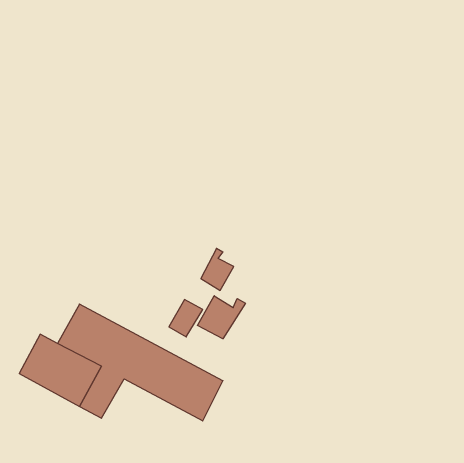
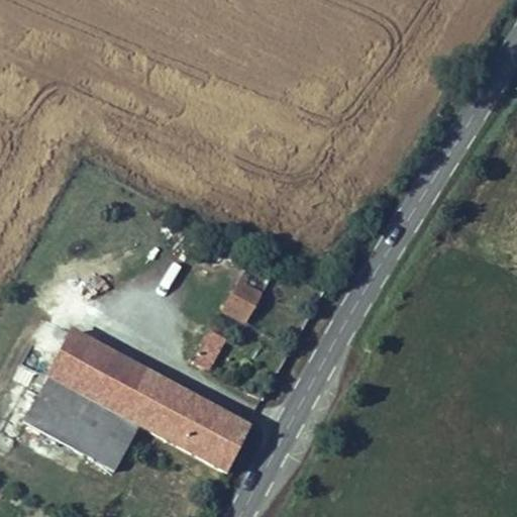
building: none -> [47,329,91,384]
building: [197,296,245,339] -> none

